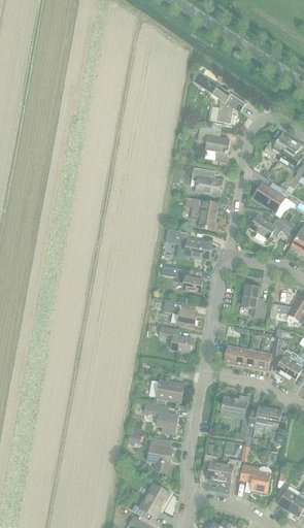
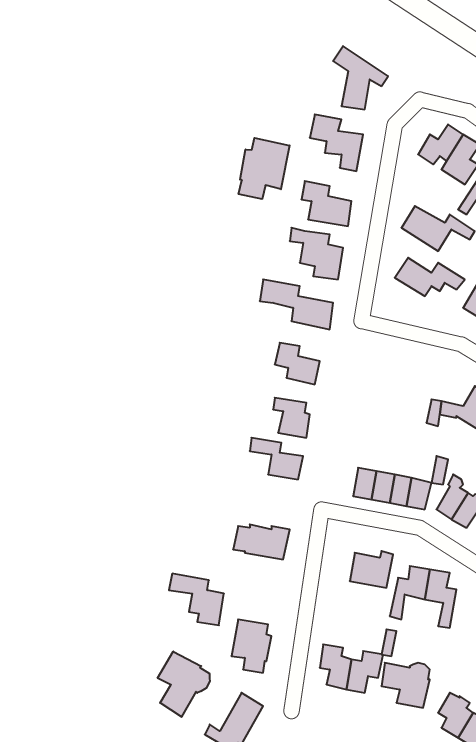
building: none -> [239,138,290,199]
building: [241,285,265,317] -> none
building: [143,402,177,434] -> [169,574,224,625]
building: none -> [158,651,210,717]

